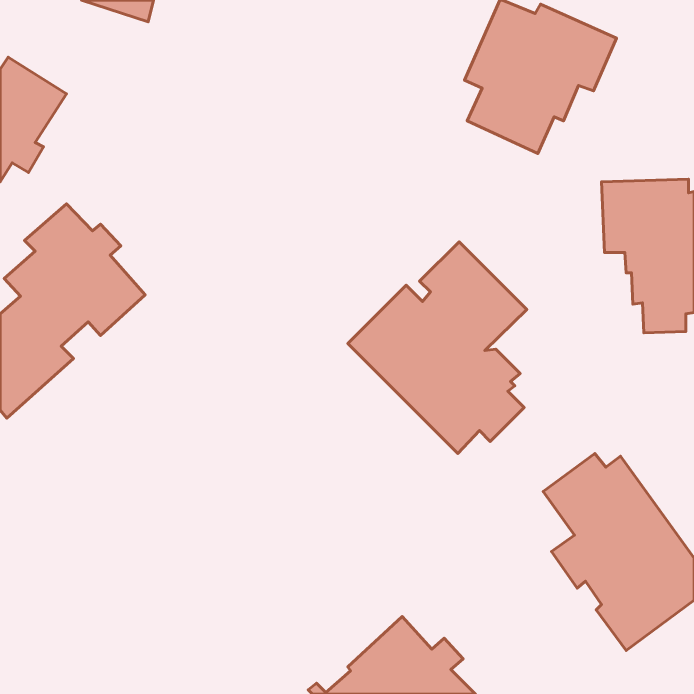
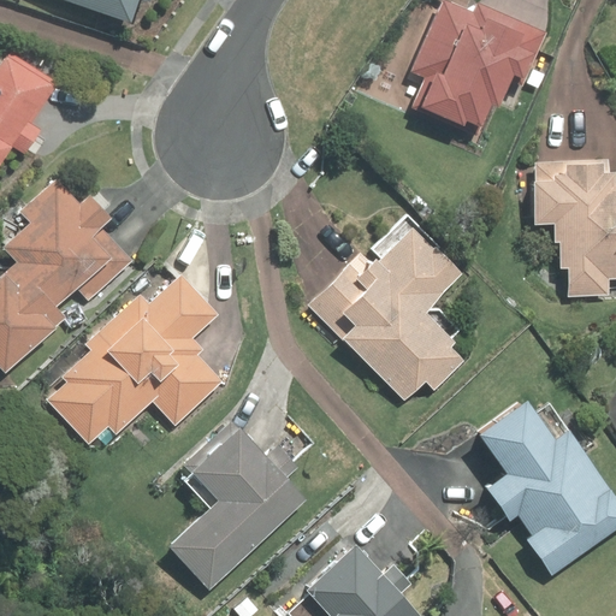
building: none -> [51,276,220,439]
building: none -> [173,421,307,587]

